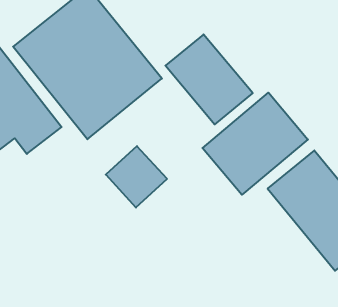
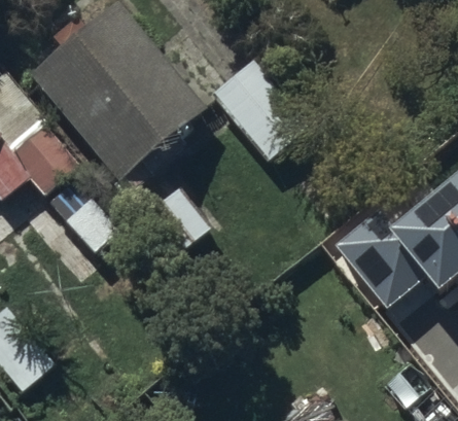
building: [202,93,308,195] -> none

